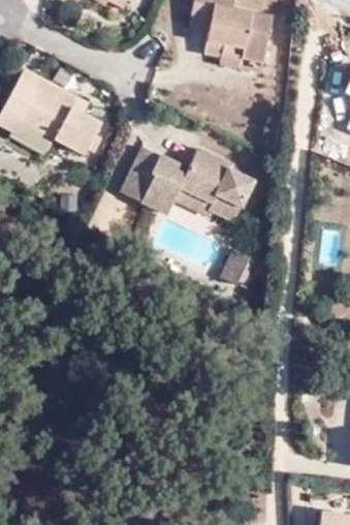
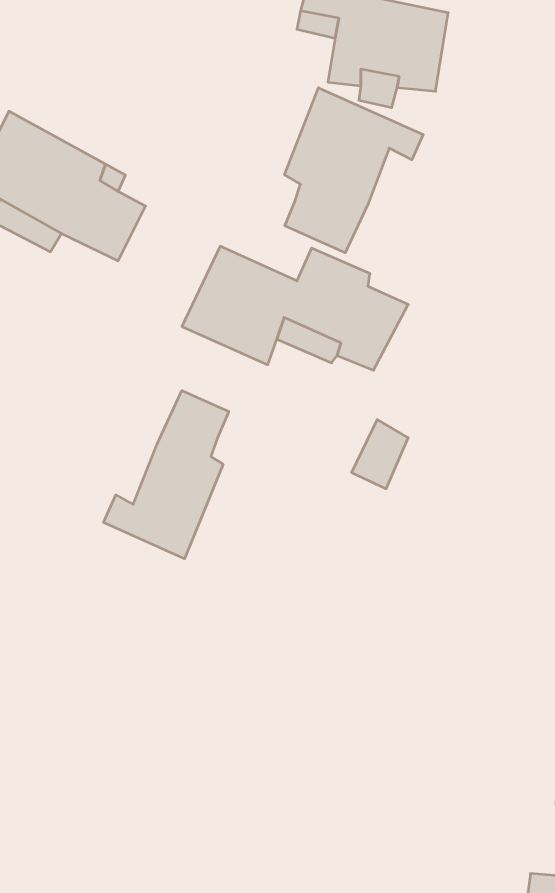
building: none -> [285,88,423,253]
building: none -> [104,391,229,559]

